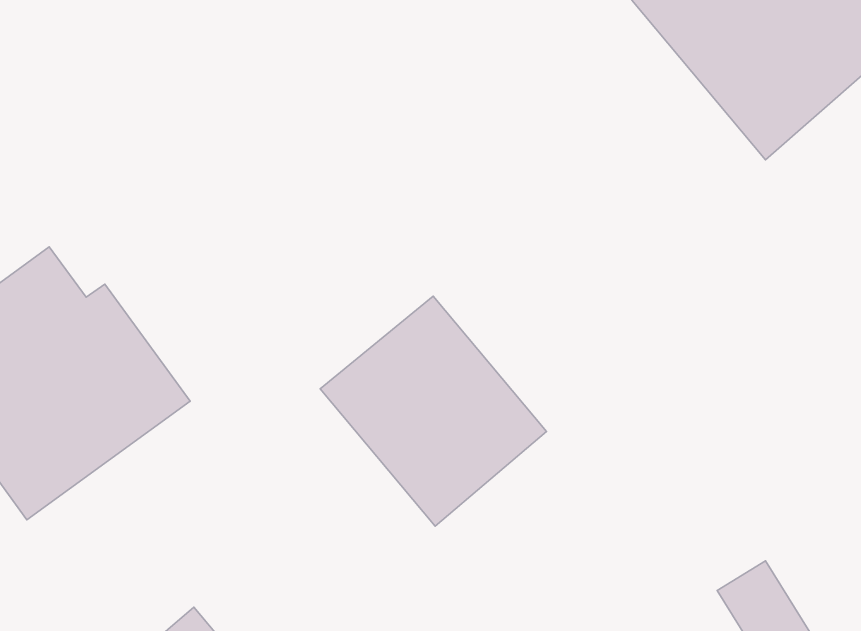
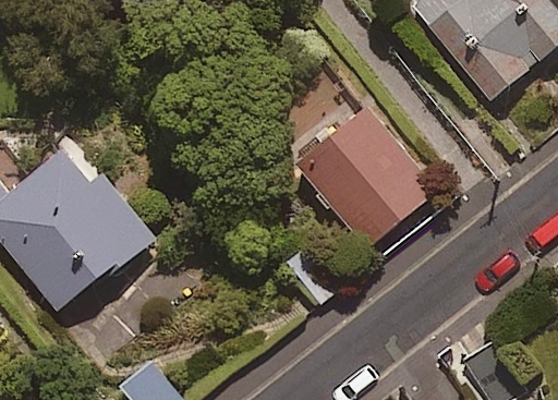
building: [320,296,546,526] -> [299,109,432,244]

